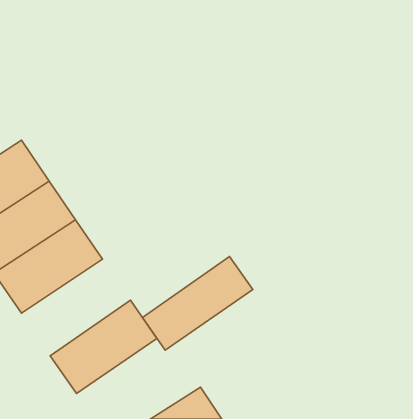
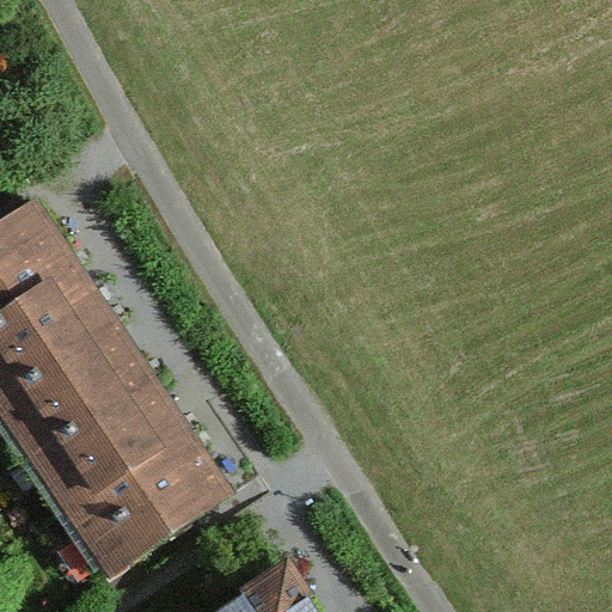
building: [142,256,253,350] -> none
building: none -> [31,378,190,519]

